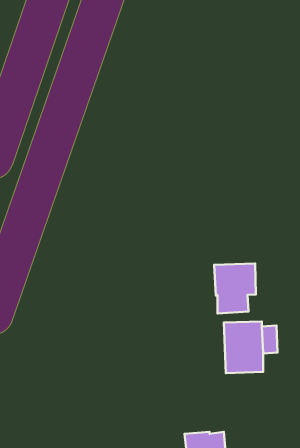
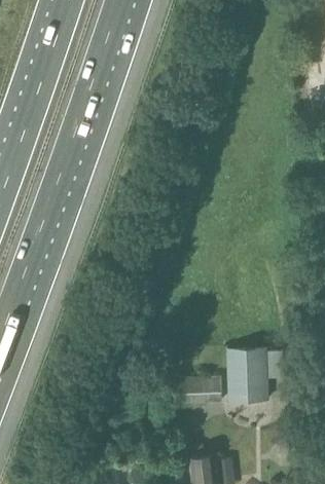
building: [214,263,256,313] -> none
building: none -> [178,378,220,396]

